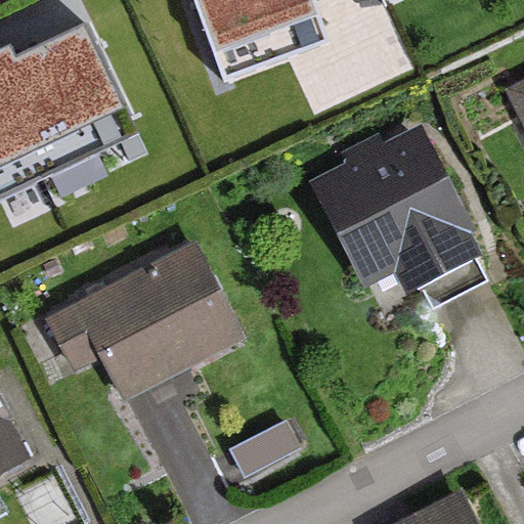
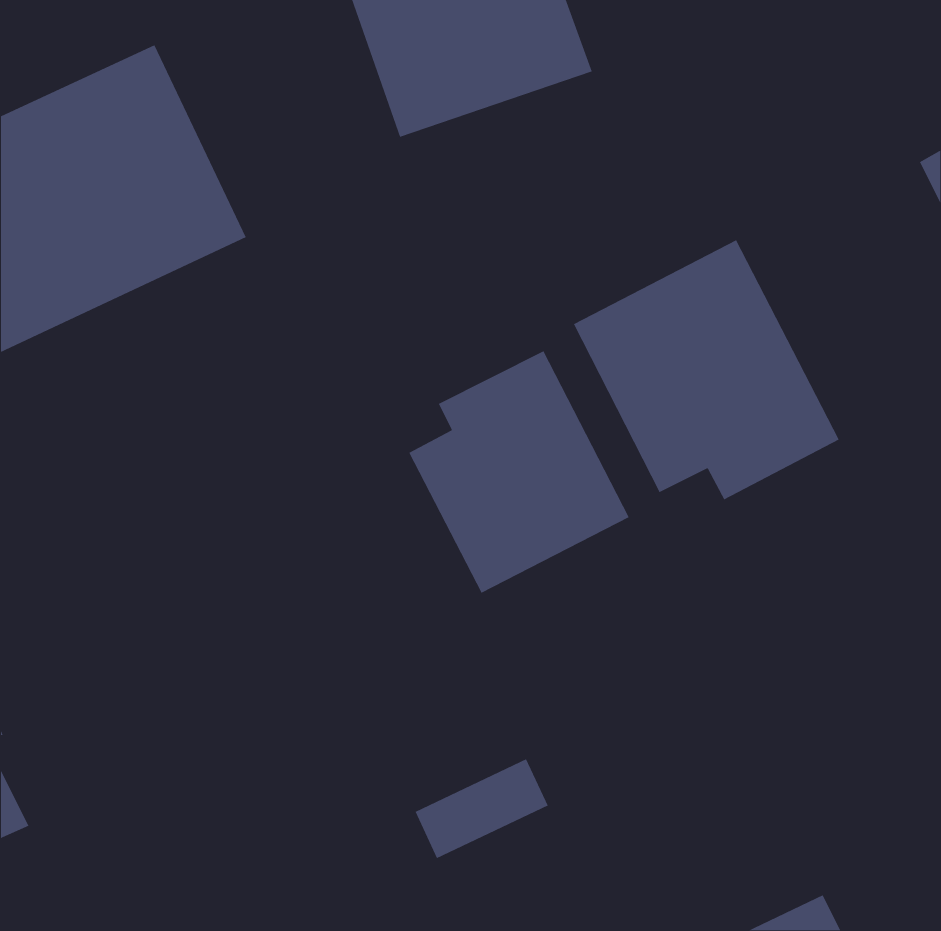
building: none -> [408,350,630,594]
building: [46,244,236,394] -> none

